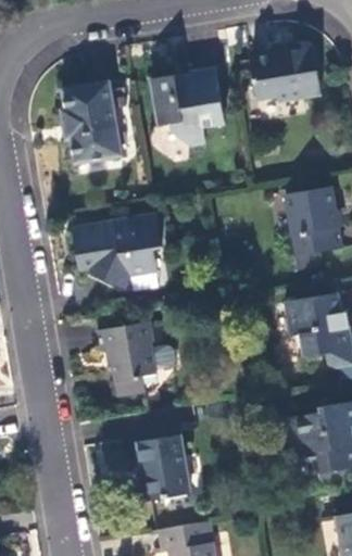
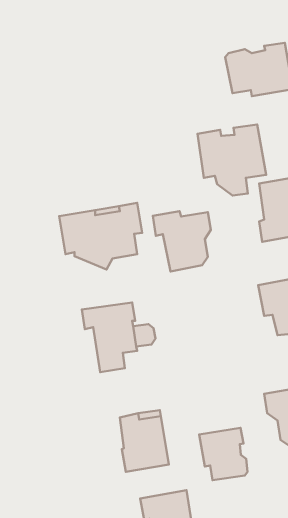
building: [151,70,224,144] -> [198,125,266,195]
building: [61,83,122,162] -> none
building: none -> [153,211,211,271]
building: none -> [199,428,247,480]

